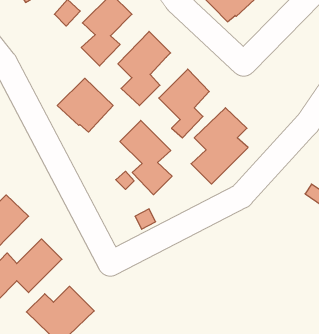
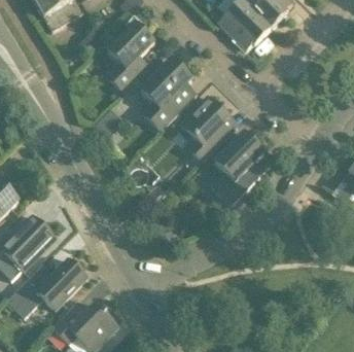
building: [57,78,113,132] -> none
building: [120,120,172,195] -> none

